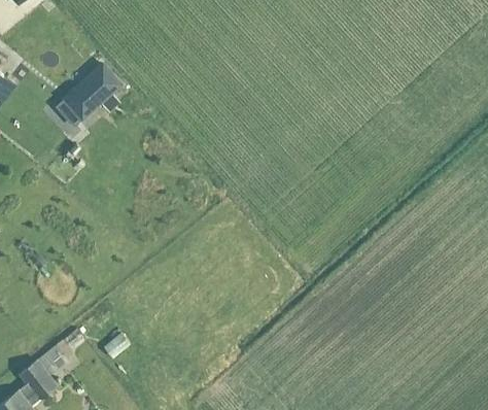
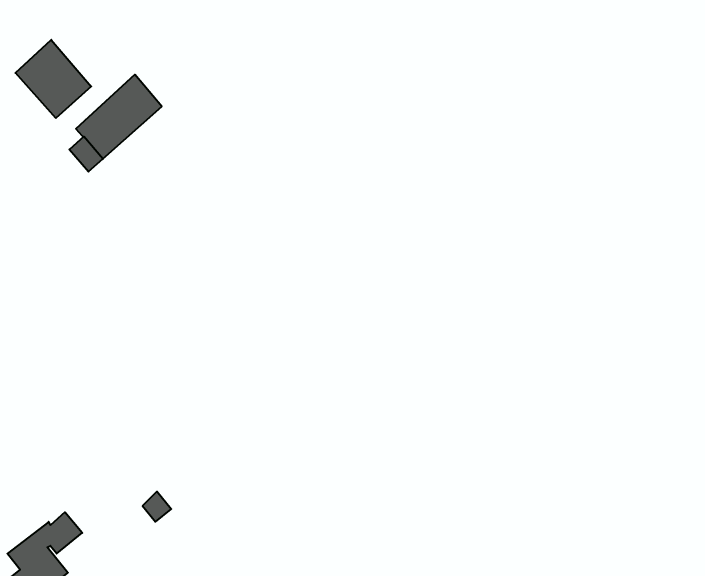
building: none -> [15,40,91,118]

